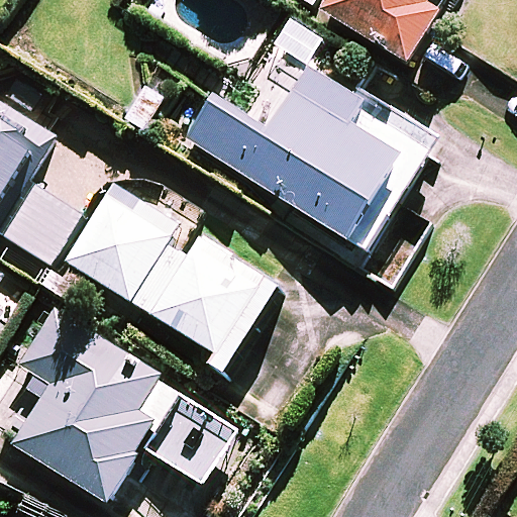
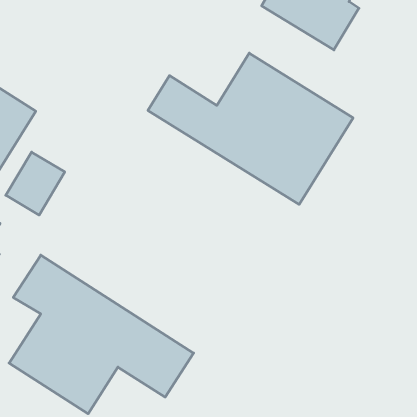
building: [64,183,277,364] -> none

